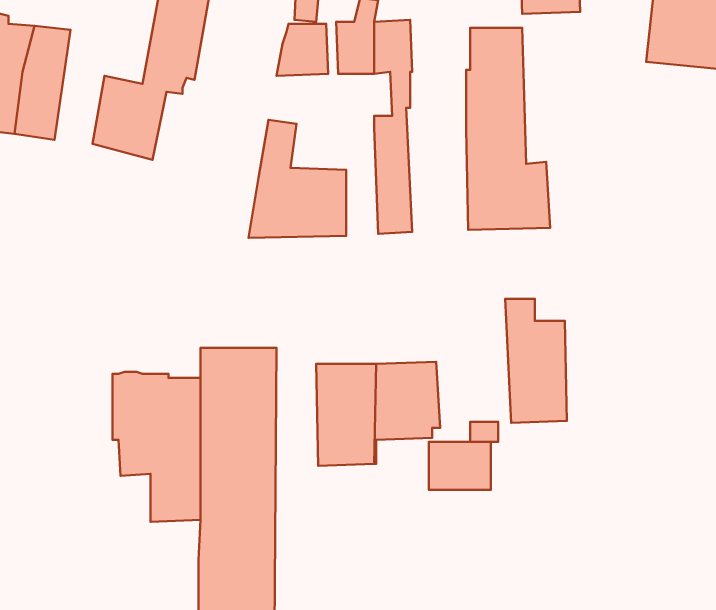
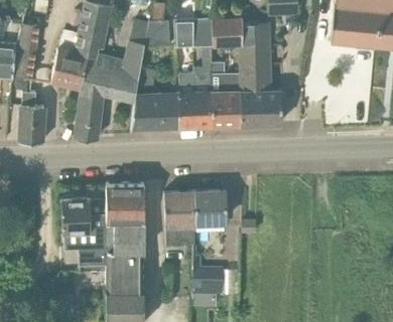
building: none -> [212,18,242,45]
building: none -> [118,21,149,99]
building: none -> [75,53,114,140]
building: none -> [178,73,195,128]
building: none -> [19,97,45,143]
building: [505,299,567,423] -> [210,63,241,126]
building: [429,442,491,490] -> [192,270,224,294]

